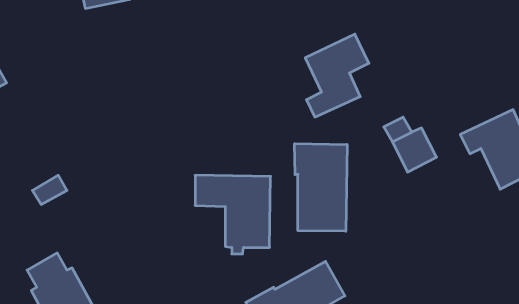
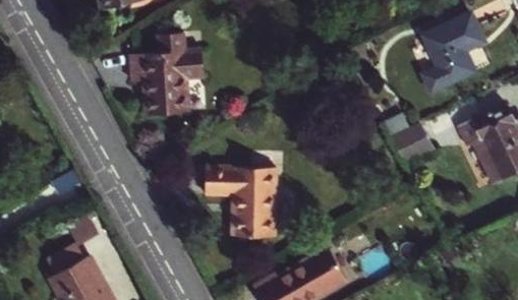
building: none -> [129,33,204,113]
building: [305,34,369,117] -> [422,13,482,92]
building: [295,144,347,231] -> none

